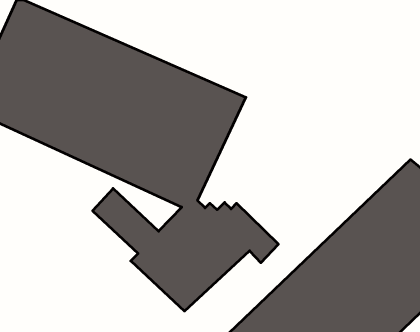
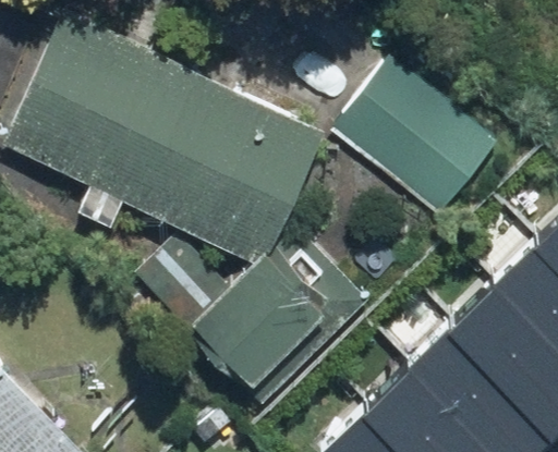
building: none -> [333,66,498,222]

